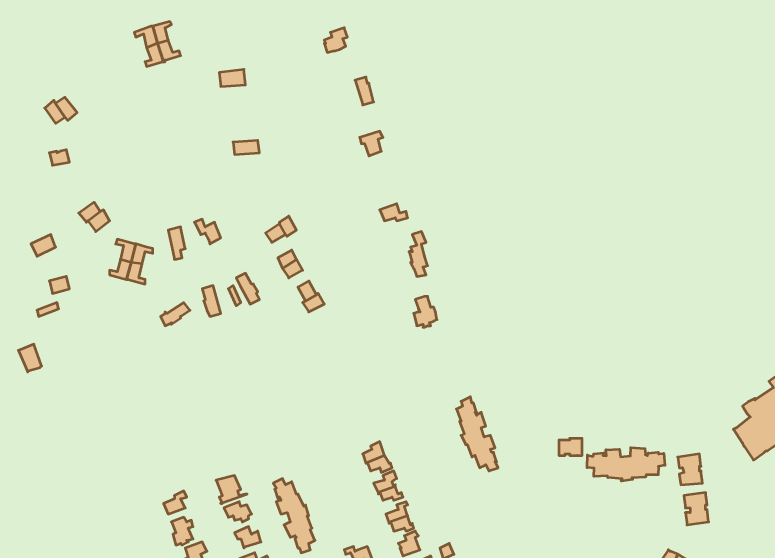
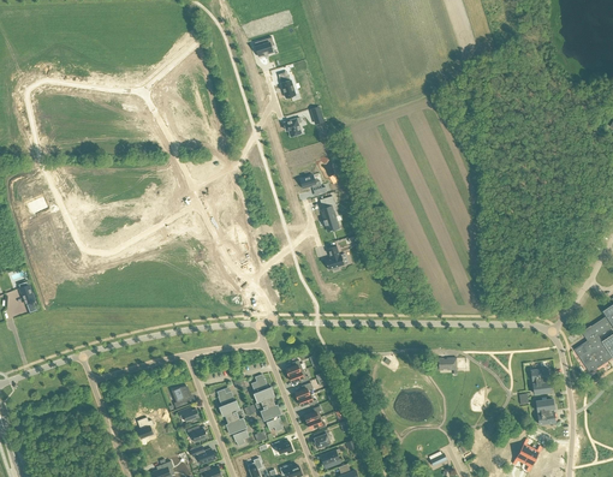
building: [456,397,498,471] -> [251,374,284,431]
building: [587,448,665,481] -> none

